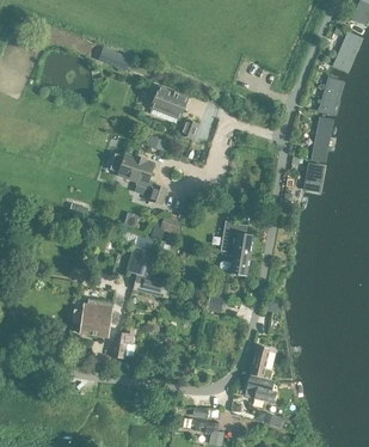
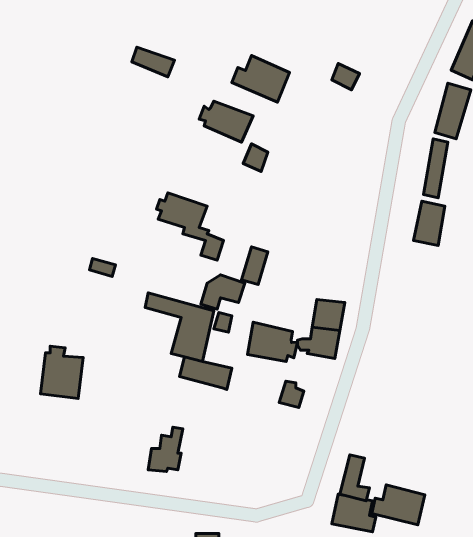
building: none -> [232,56,290,102]
building: none -> [248,322,297,361]
building: [81,298,112,336] -> [40,346,83,399]
building: none -> [372,485,425,525]

